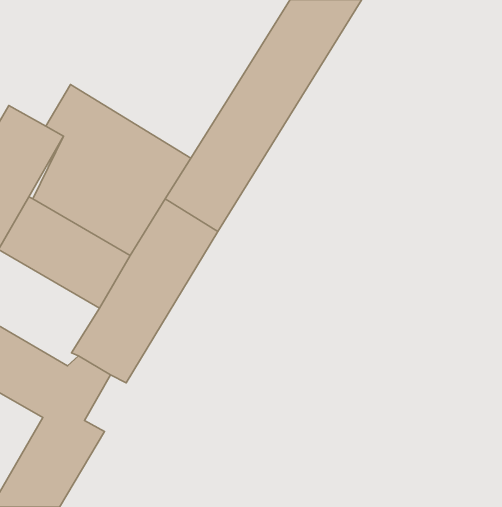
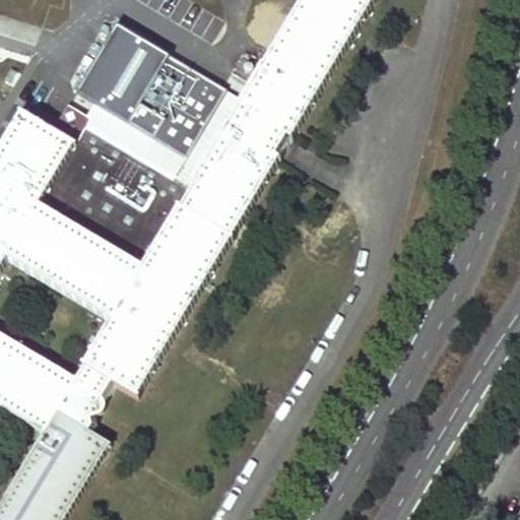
building: none -> [72,20,237,161]

